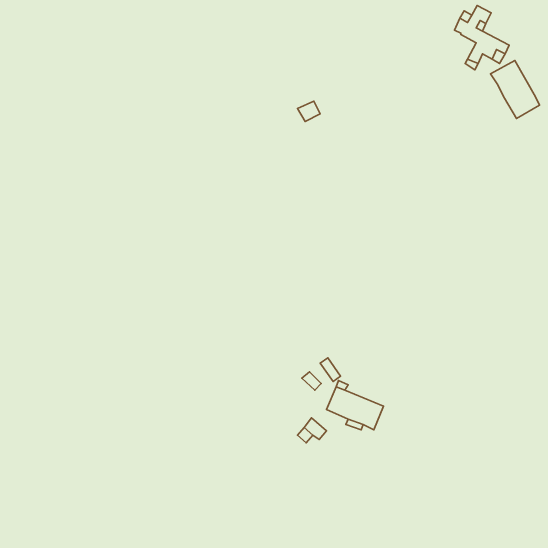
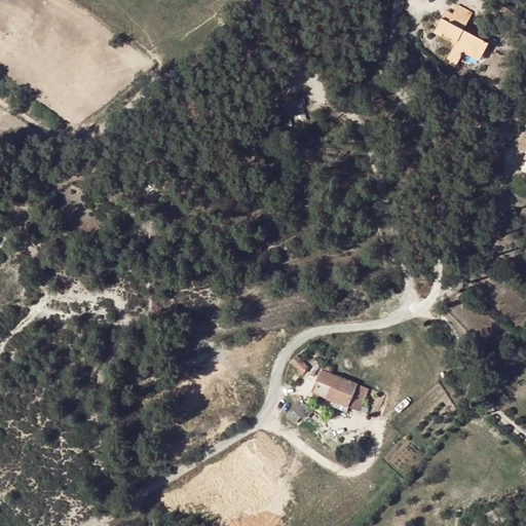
building: [491,60,540,118] -> none

